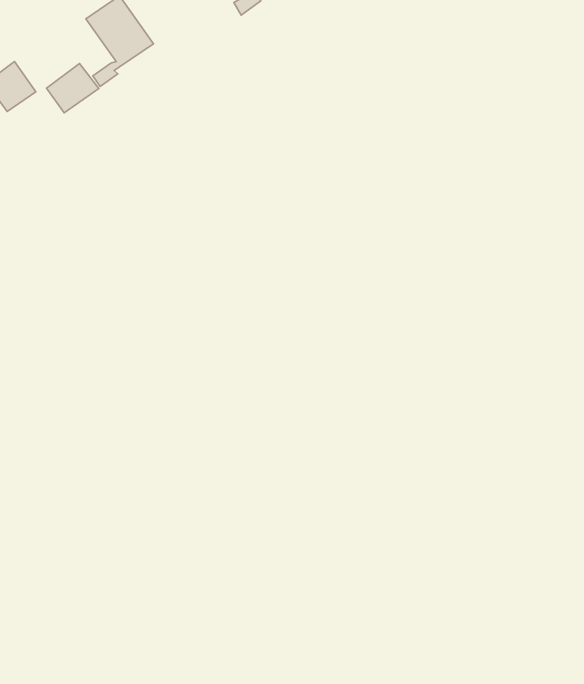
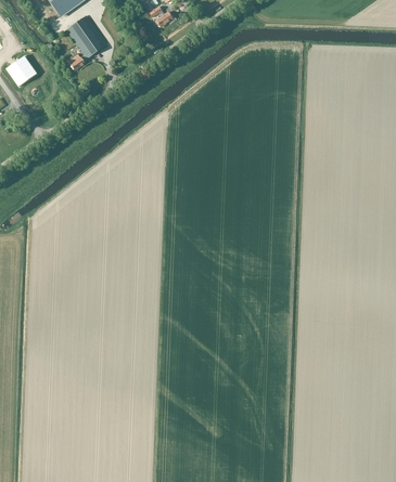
building: [47,63,99,113] -> none

